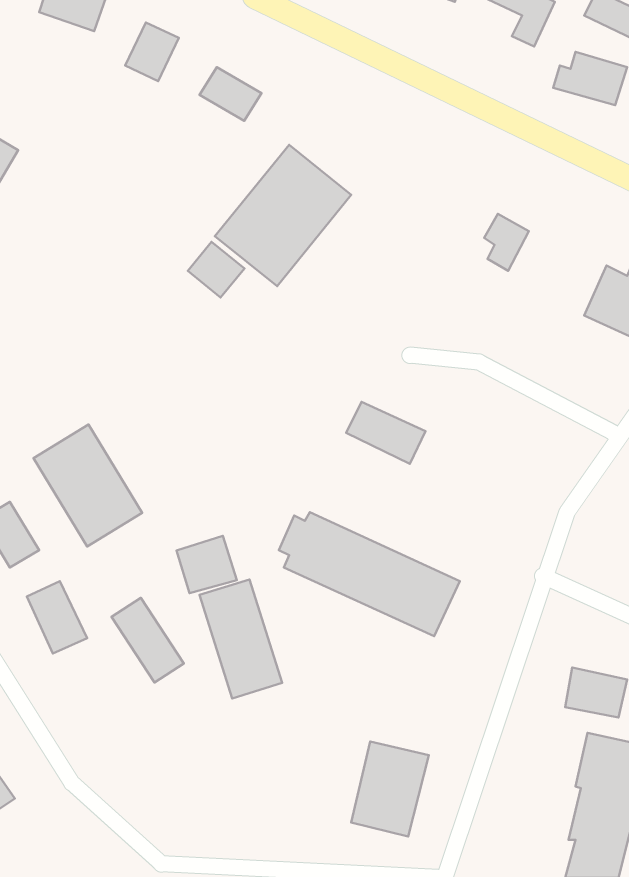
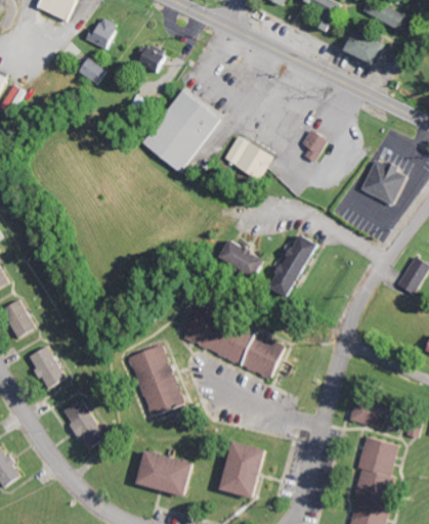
building: none -> [78,55,110,85]
building: none -> [220,135,271,178]
building: [188,242,244,297] -> none
building: none -> [269,232,318,297]
building: [34,425,142,546] -> none
building: [177,536,237,593] -> none
building: [111,598,184,682] -> [62,398,105,448]
building: none -> [137,449,196,496]

